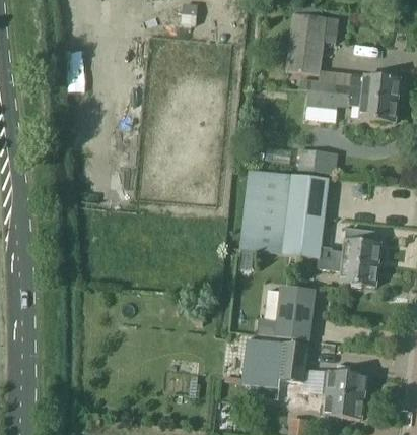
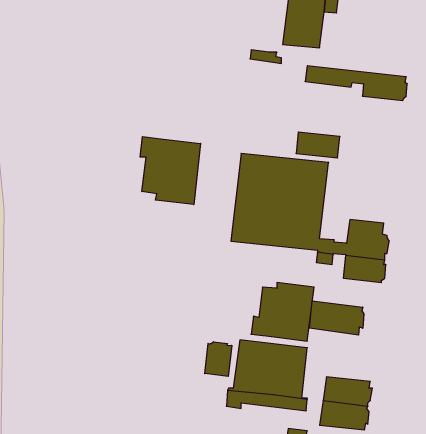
building: [299,73,402,100] -> none
building: none -> [140,137,201,205]
building: none -> [310,301,364,335]
building: none -> [205,342,232,376]

